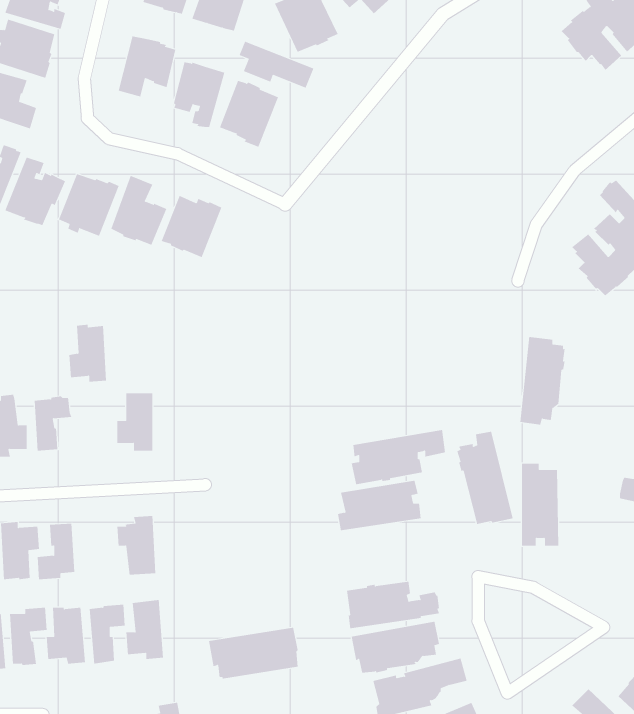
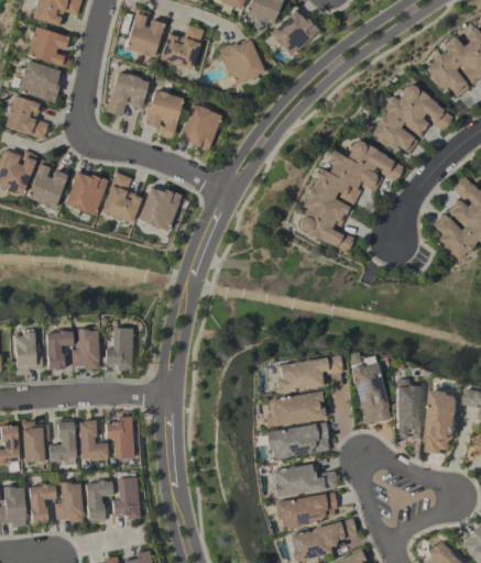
building: [239,41,314,89] -> none
building: none -> [370,85,451,153]
building: none -> [296,140,403,252]
building: [68,324,107,382] -> [72,328,99,369]
building: [519,336,565,425] -> [428,389,461,453]
building: none -> [78,420,108,461]
building: [208,627,299,679] -> [264,421,329,459]

